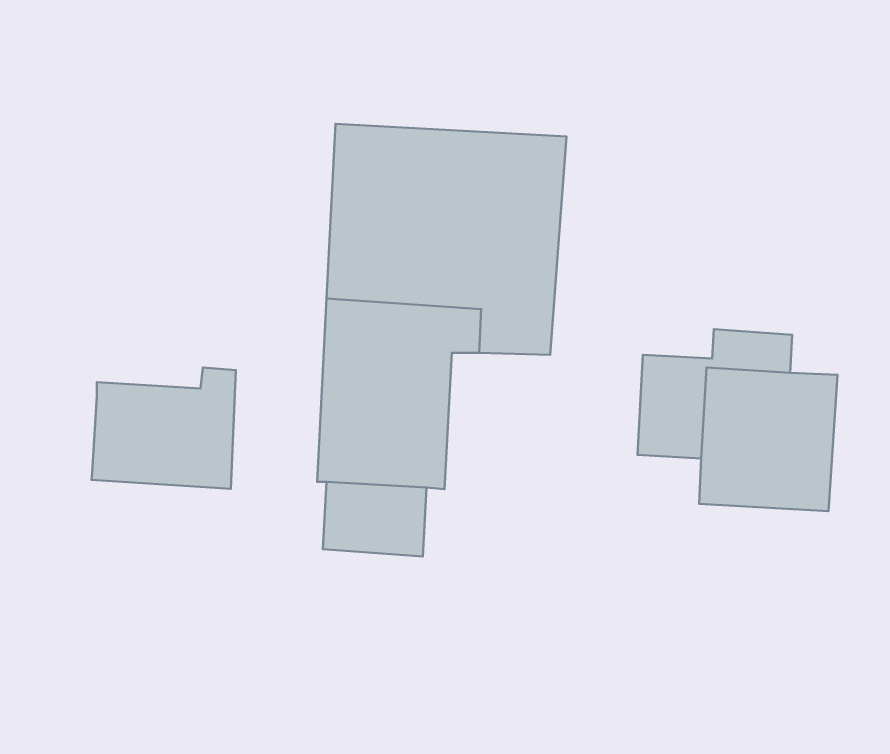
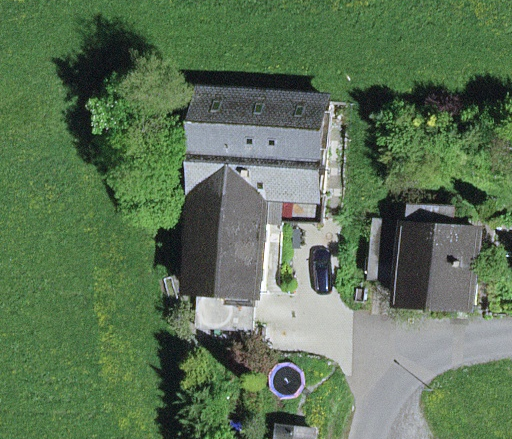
building: [91,368,236,489] -> none

